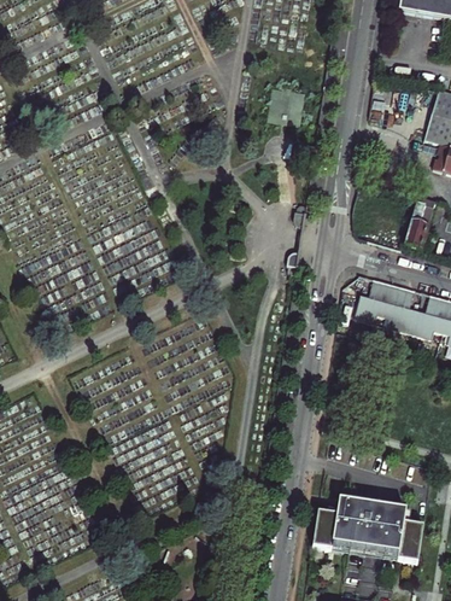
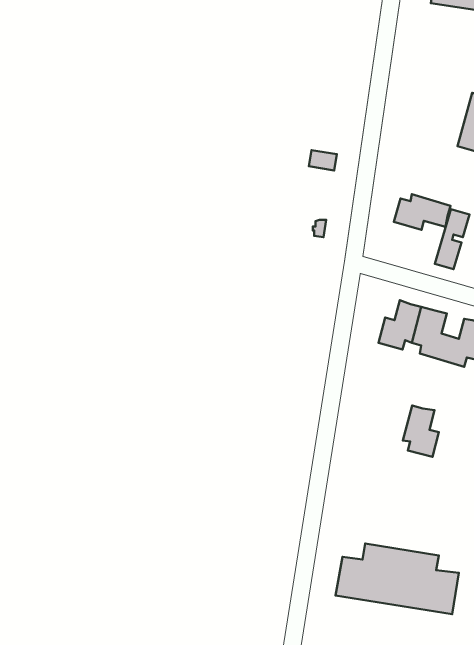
building: none -> [394,194,451,230]
building: none -> [403,406,439,457]

